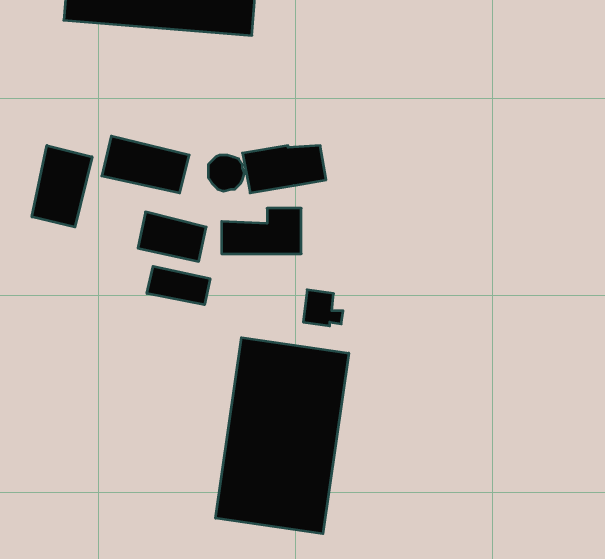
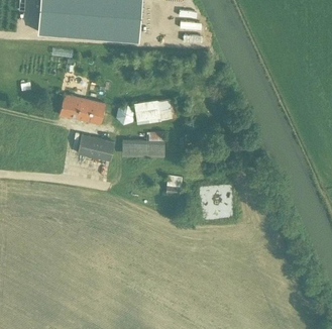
building: [32,145,92,227] -> none
building: [147,266,210,305] -> none
building: [216,338,349,534] -> none

